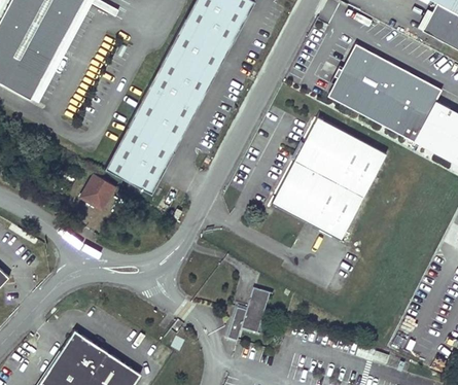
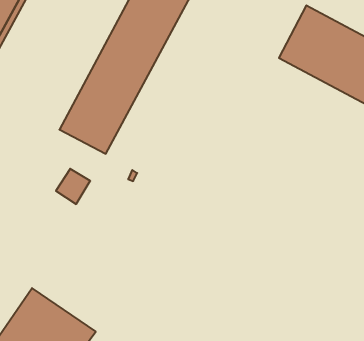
building: [271,117,386,241] -> none
building: [80,174,115,210] -> [56,169,90,204]
building: [226,288,269,341] -> none

